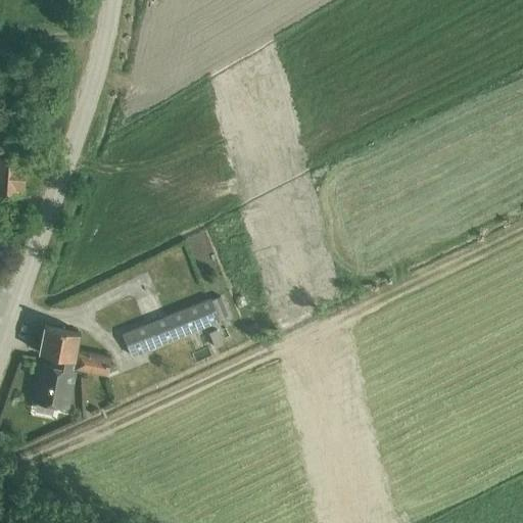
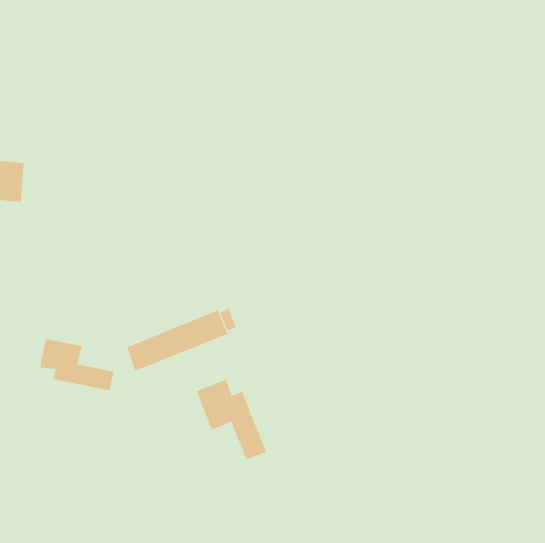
building: [33,365,70,410] -> none
building: none -> [196,379,267,461]

